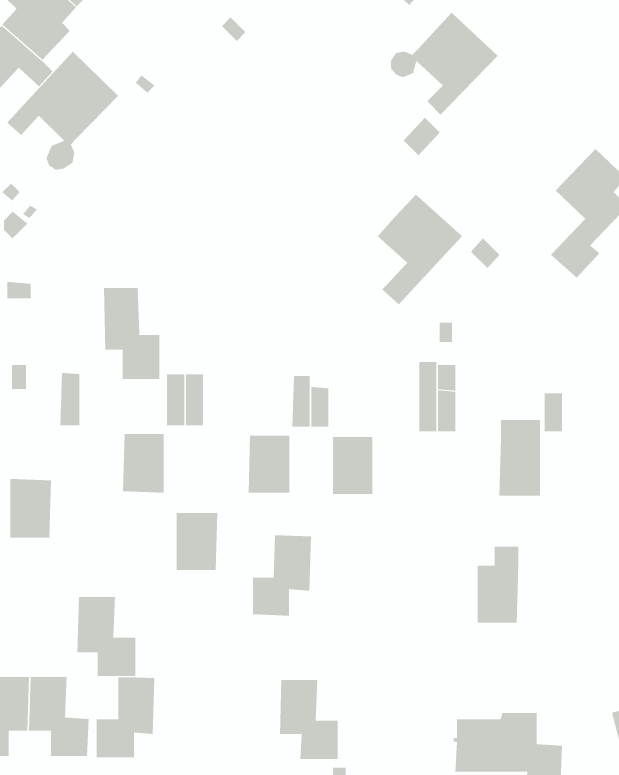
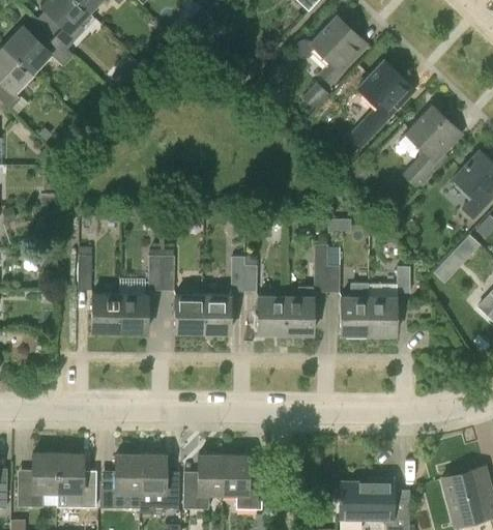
building: [6,51,119,170] -> none
building: [377,194,463,305] -> [357,61,414,135]
building: [103,287,160,380] -> none
building: none -> [284,288,312,334]
building: [9,478,52,538] -> [91,293,119,332]
building: [176,512,218,570] -> [174,295,202,333]
building: [252,535,312,616] -> [183,455,223,509]
building: [477,546,519,623] -> [340,285,368,335]
building: [77,596,136,676] -> [139,455,178,508]

